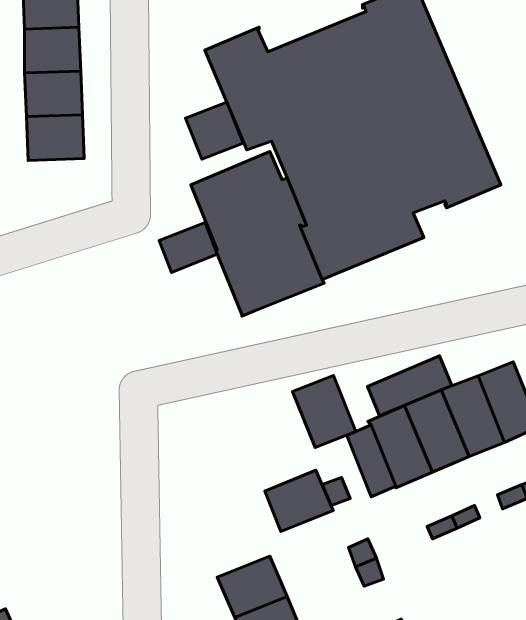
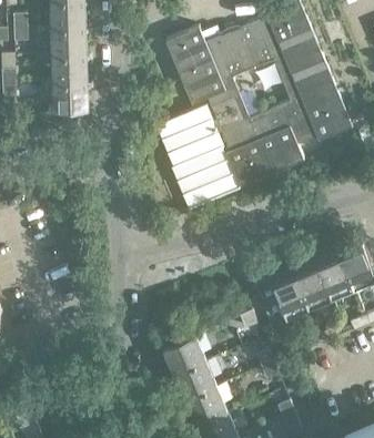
building: [186,102,243,159] -> none
building: [159,222,217,272] -> none
building: [368,356,452,416] -> none
building: [293,376,356,447] -> none
building: [265,470,333,532] -> [163,336,206,375]

